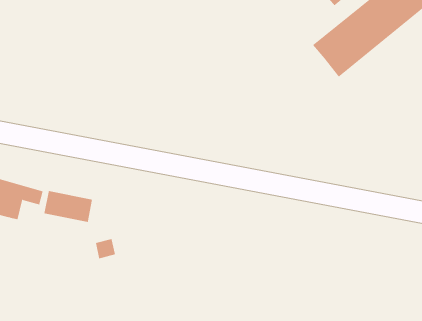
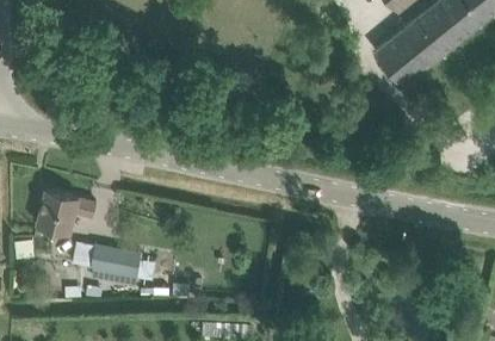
building: [44,190,93,223] -> [89,246,141,279]

